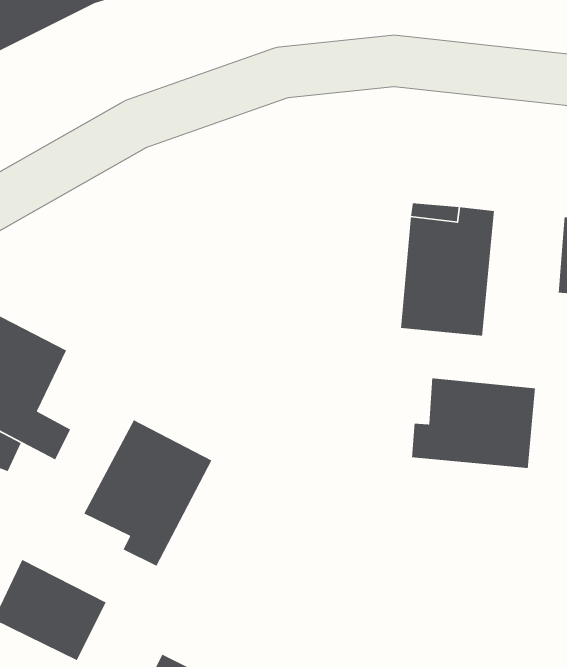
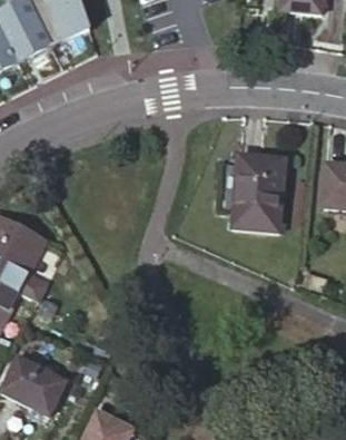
building: [411,377,536,469] -> none
building: [83,419,212,567] -> none

